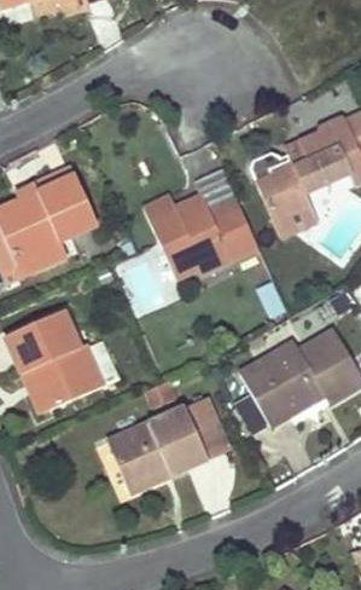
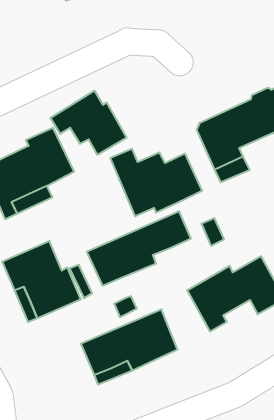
building: none -> [50,91,126,155]
building: none -> [87,211,191,286]

